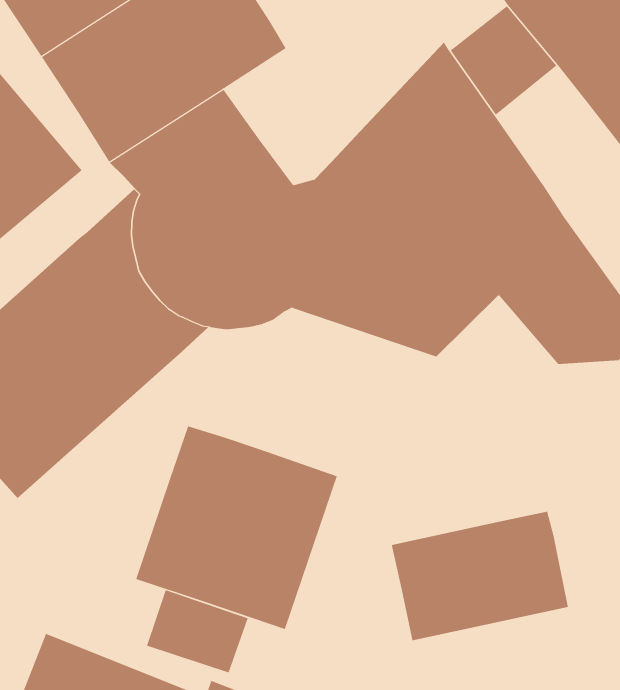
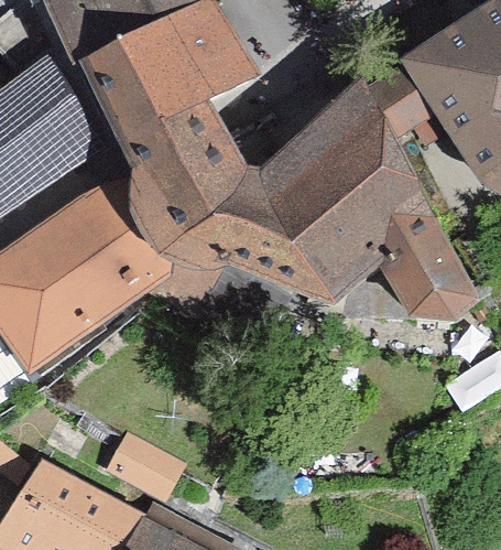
building: [136,425,337,630] -> none
building: [391,511,569,641] -> none

